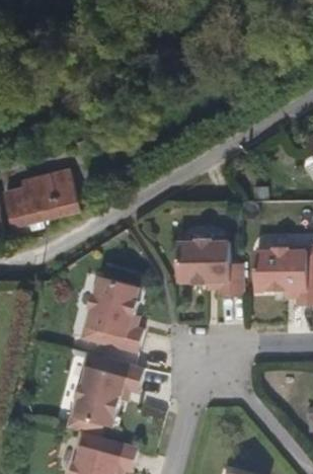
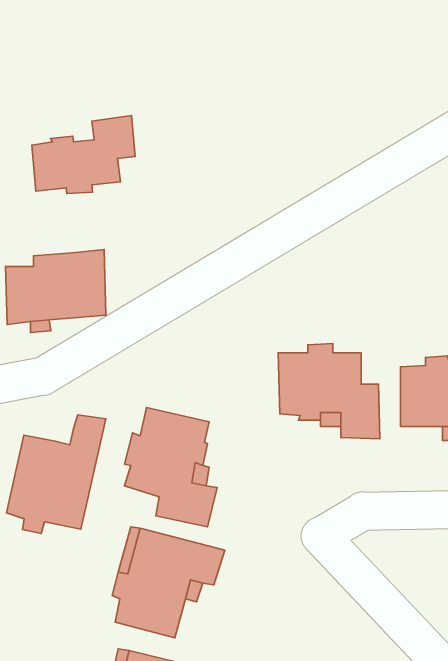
building: none -> [32,116,135,194]
building: none -> [6,415,106,534]

